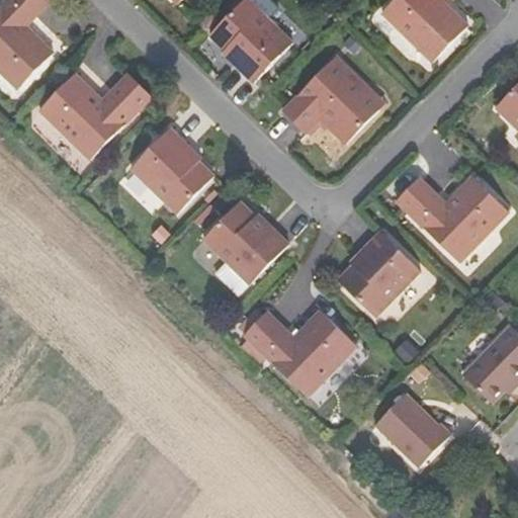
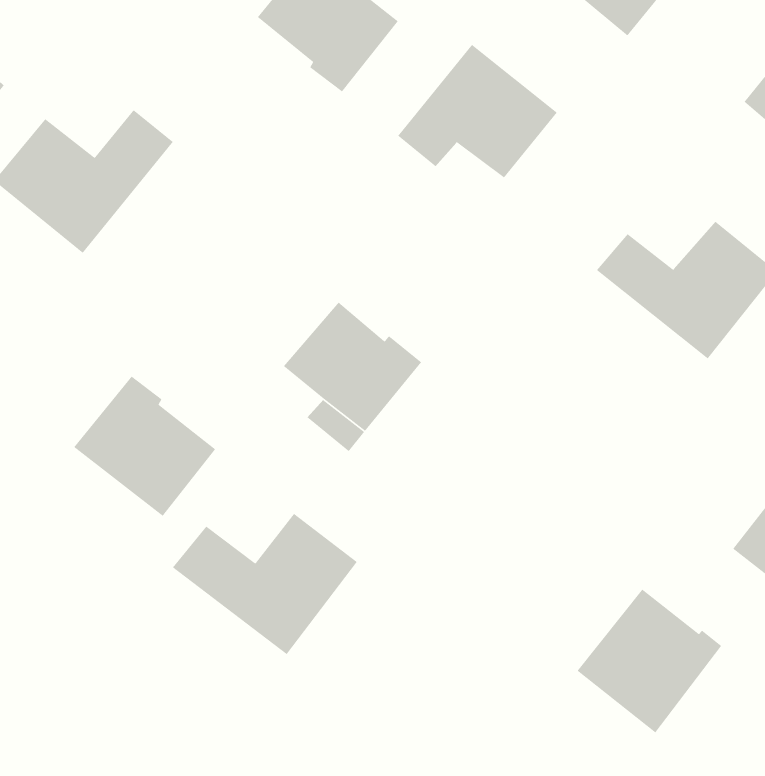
building: [131,128,217,215] -> [73,375,216,517]
building: [339,232,419,316] -> none
building: [244,311,356,396] -> [172,513,358,655]

